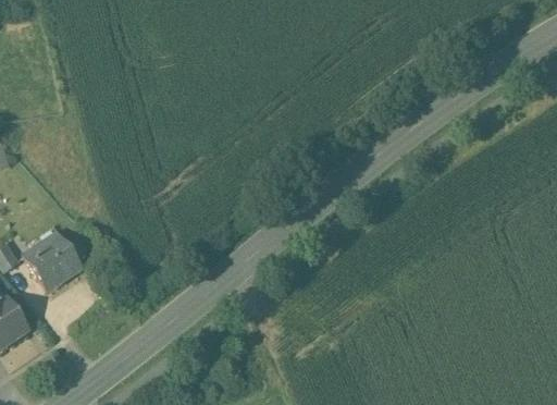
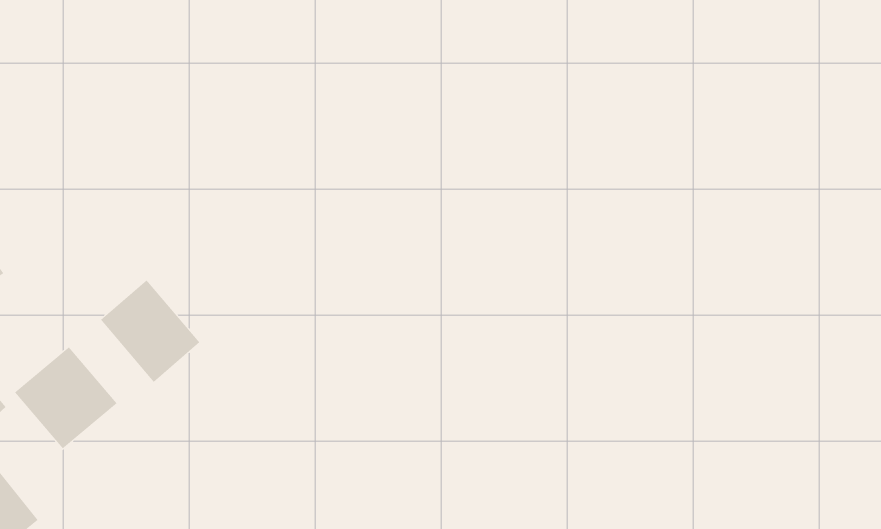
building: none -> [100,279,200,383]

